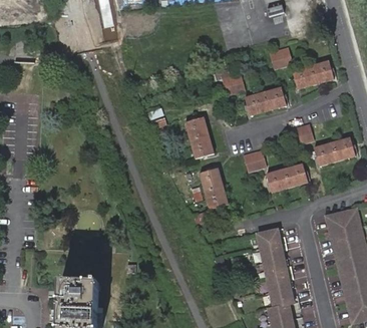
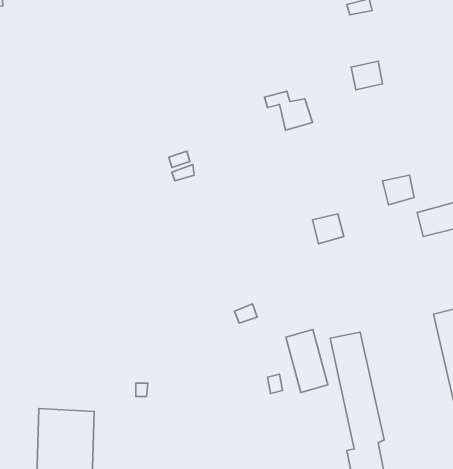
building: [292,59,334,86] -> none
building: [245,85,286,112] -> none
building: [185,115,213,155] -> none
building: [266,162,307,191] -> none
building: [199,166,227,208] -> [286,330,328,392]

